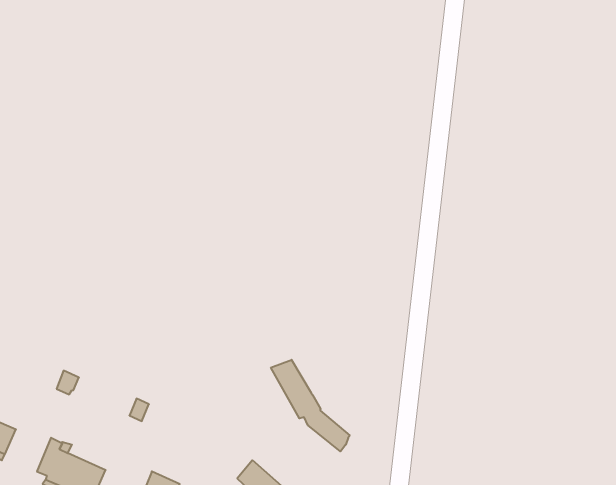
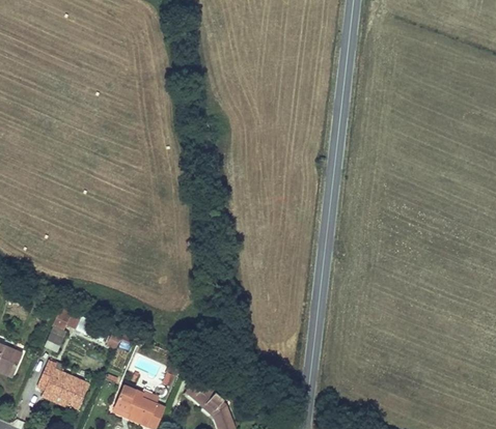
building: [271,360,350,451] -> none

